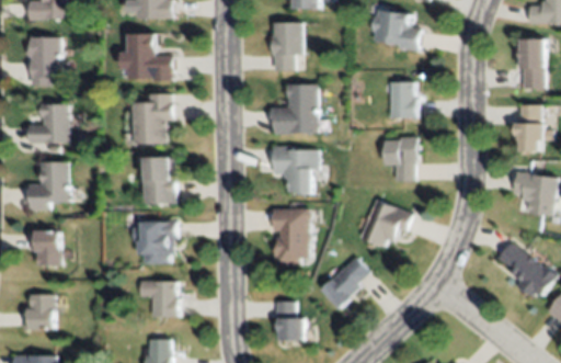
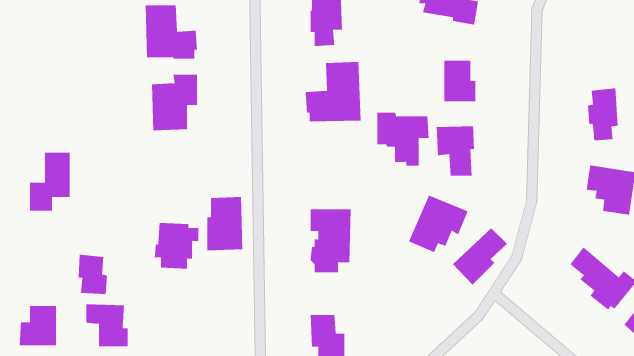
building: [27,35,60,87] -> none
building: [520,37,545,89] -> none
building: [27,102,68,141] -> none
building: [274,146,320,193] -> [377,112,430,166]
building: [145,156,176,203] -> [207,197,243,251]
building: [34,230,60,265] -> [78,254,108,294]
building: [322,258,370,308] -> [452,228,508,285]
building: [141,279,179,316] -> [86,304,128,347]

